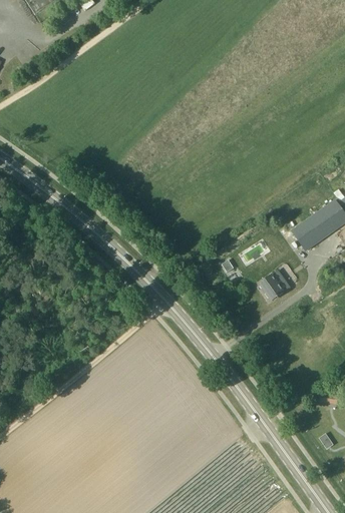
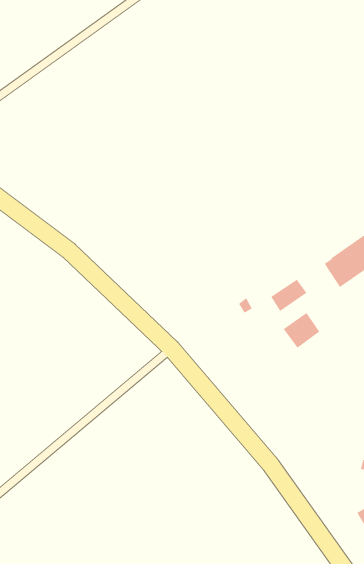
building: none -> [271,279,307,312]

